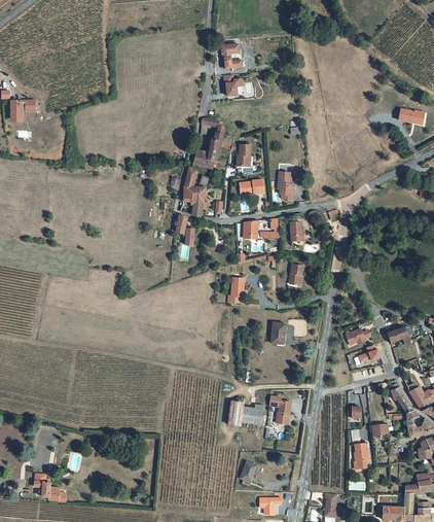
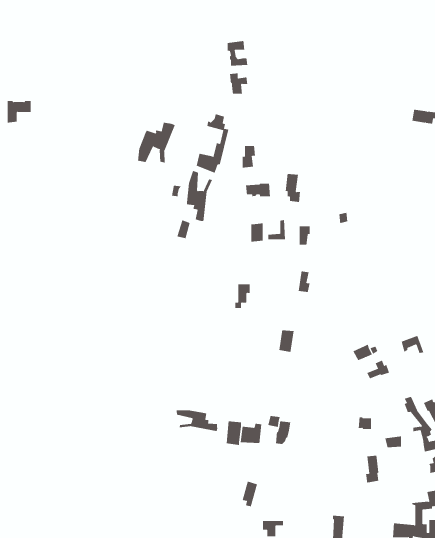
building: none -> [137,122,175,163]
building: none -> [176,410,218,432]
building: [34,472,67,501] -> none

